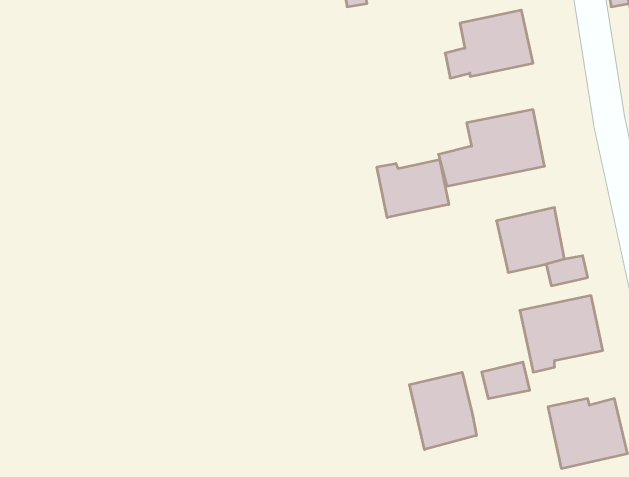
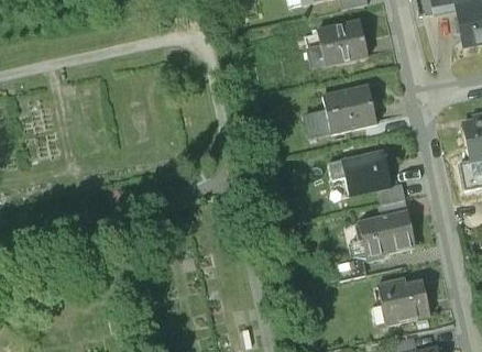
building: [377,160,449,218] -> none
building: [409,372,476,450] -> none

